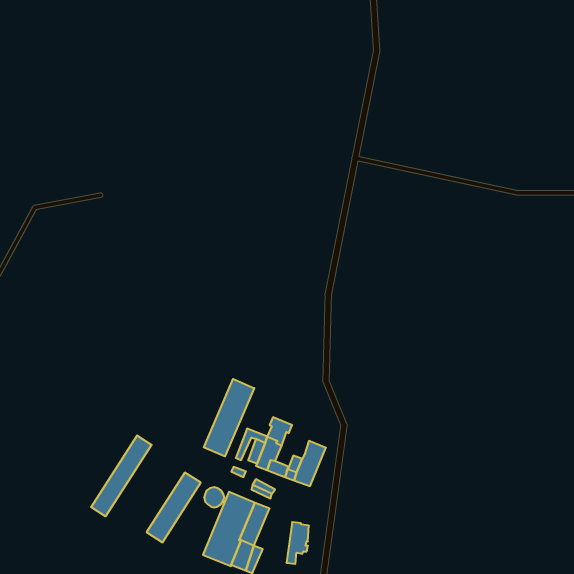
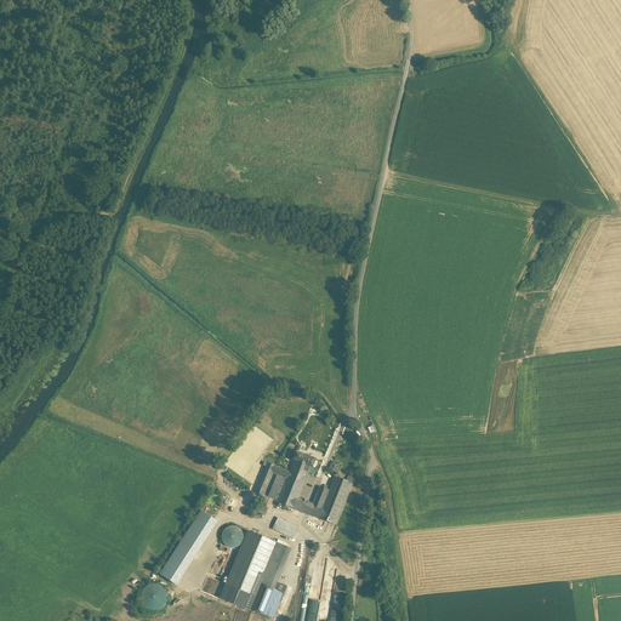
building: [204,379,254,456] -> none
building: [91,435,152,516] -> none
building: none -> [138,582,165,608]

